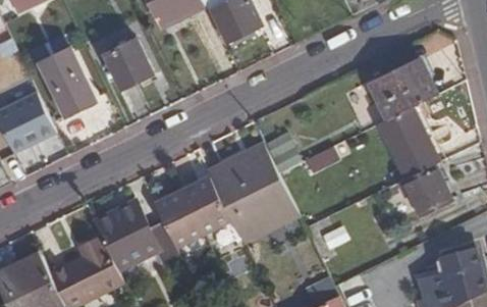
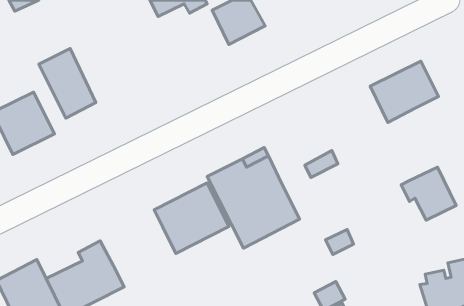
building: [103,40,151,89] -> none
building: [377,106,437,177] -> none
building: [94,205,180,269] -> none

